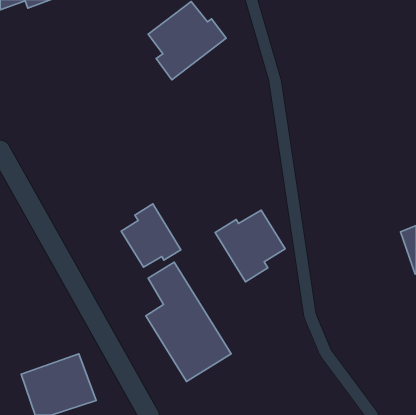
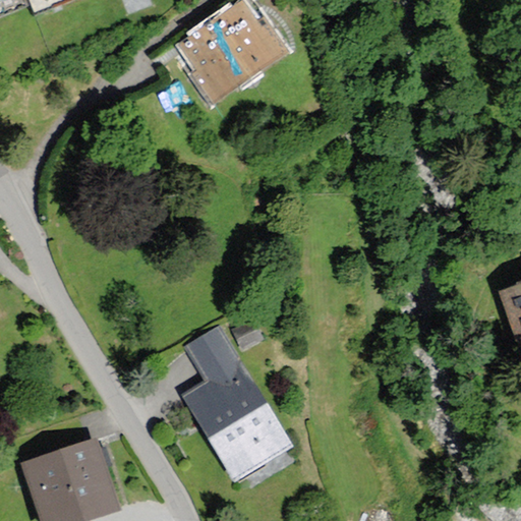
building: [121,204,181,267] -> none
building: [215,210,285,282] -> none

